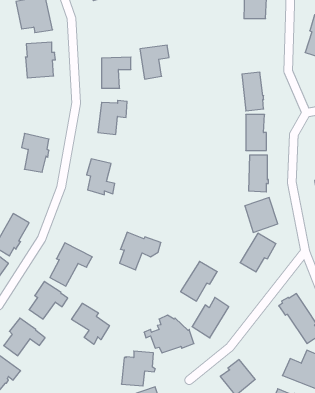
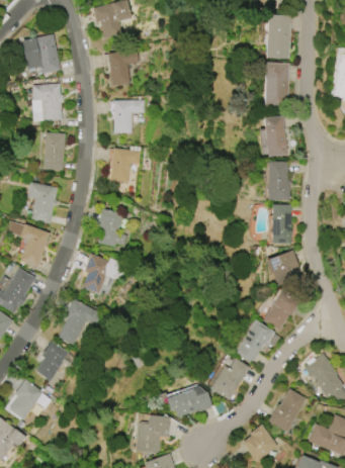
building: none -> [264,63,289,110]
building: [140,45,169,79] -> [107,50,139,86]
building: none -> [44,132,65,171]
building: none -> [9,221,50,268]
building: [120,232,161,270] -> [83,254,127,294]
building: [181,261,217,301] -> [235,321,274,364]
building: [72,303,109,344] -> none
building: none -> [268,389,307,433]

